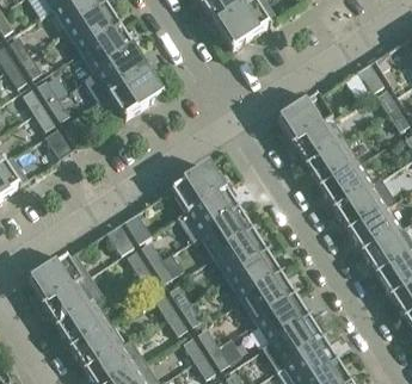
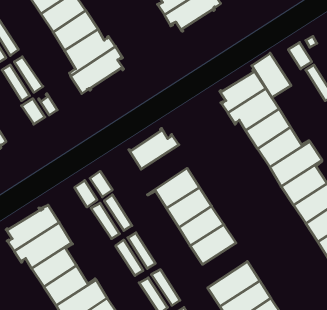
building: none -> [252,53,291,98]
building: [177,182,238,241] -> none
building: [256,297,308,349] -> none

